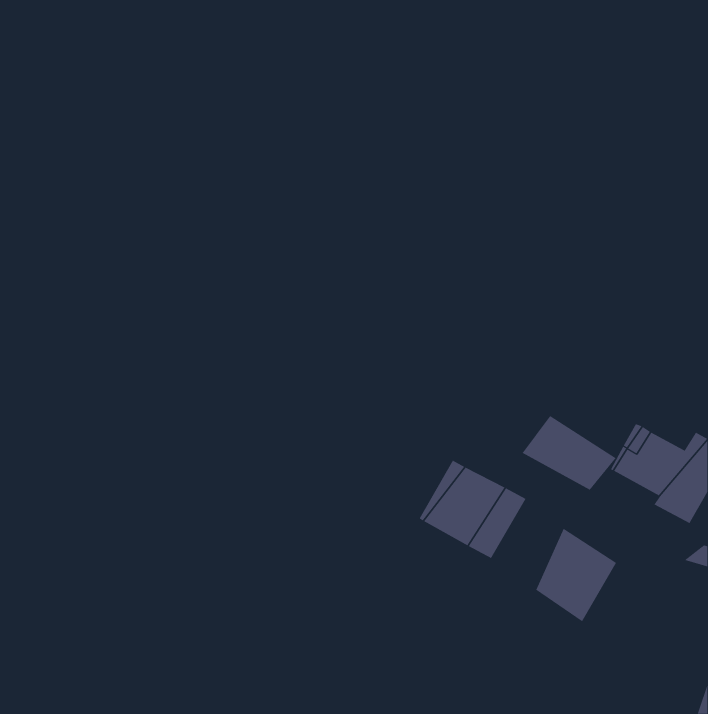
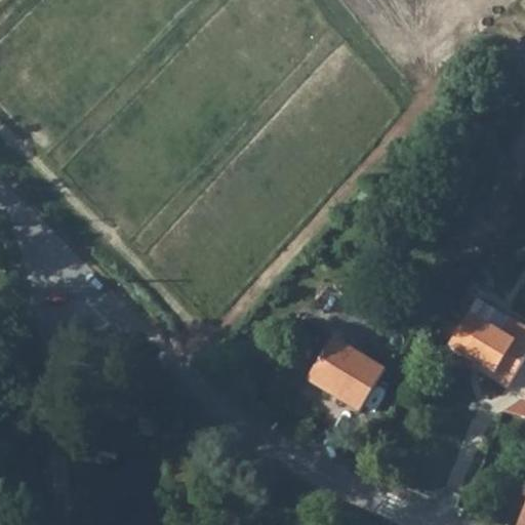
building: [522,415,616,490] -> none
building: [535,528,617,622] -> none

